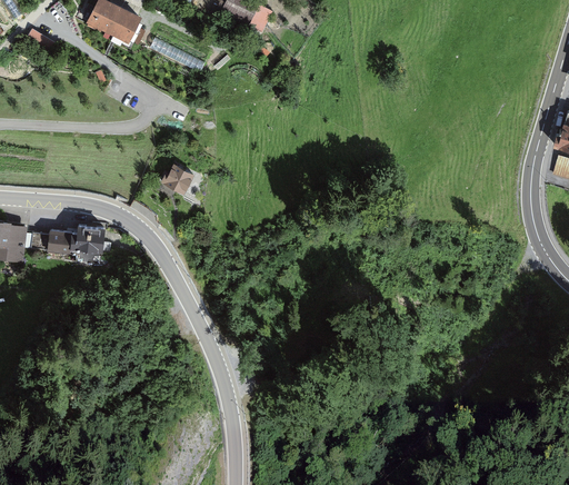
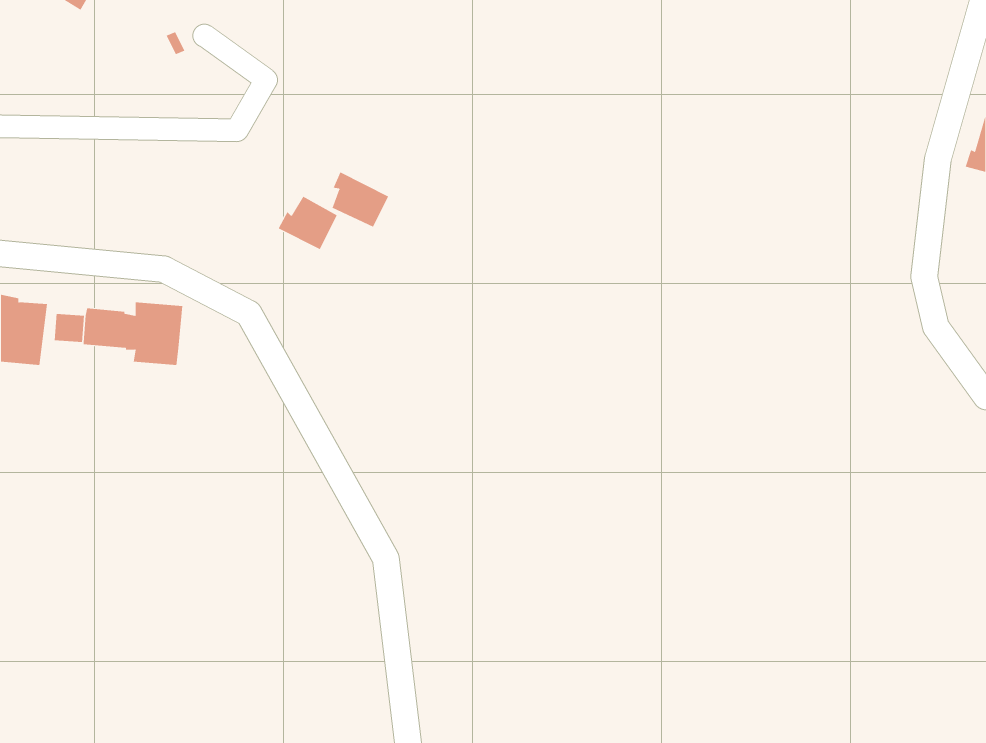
building: none -> [332,172,389,227]

